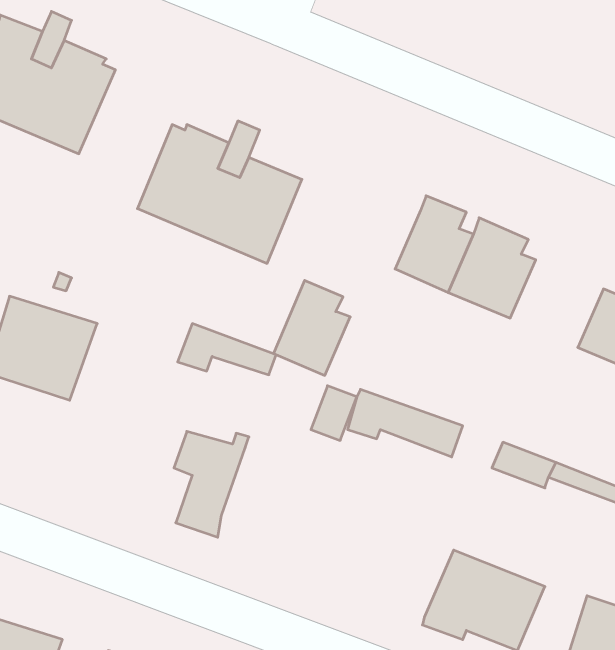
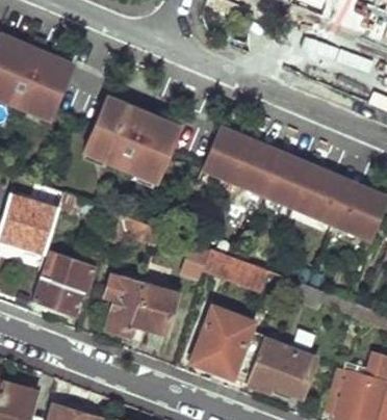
building: none -> [295,168,349,227]
building: [274,280,350,375] -> [201,128,244,182]
building: none -> [35,258,96,312]
building: none -> [131,284,177,334]
building: none -> [194,304,269,380]

